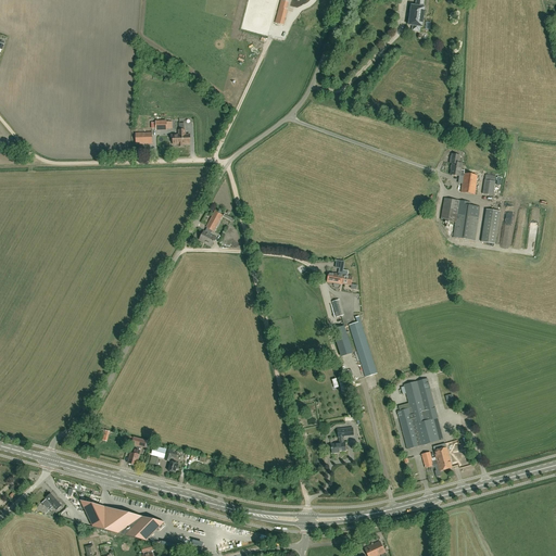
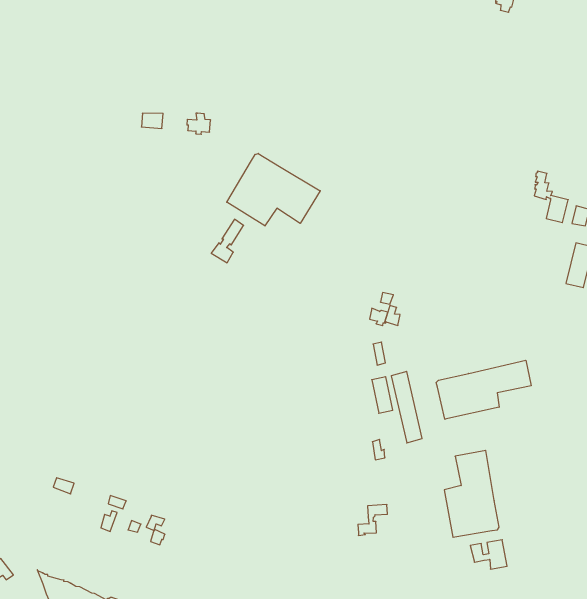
building: none -> [227,153,320,226]
building: [441,197,480,239] -> none
building: none -> [436,360,531,419]

